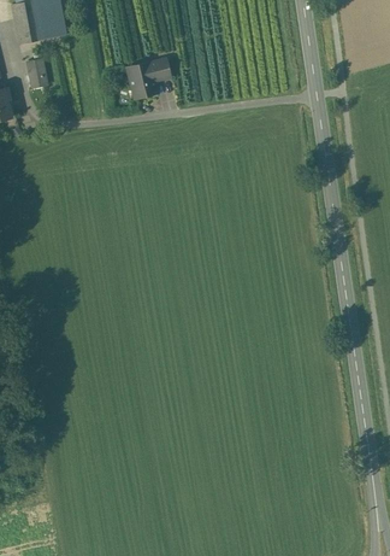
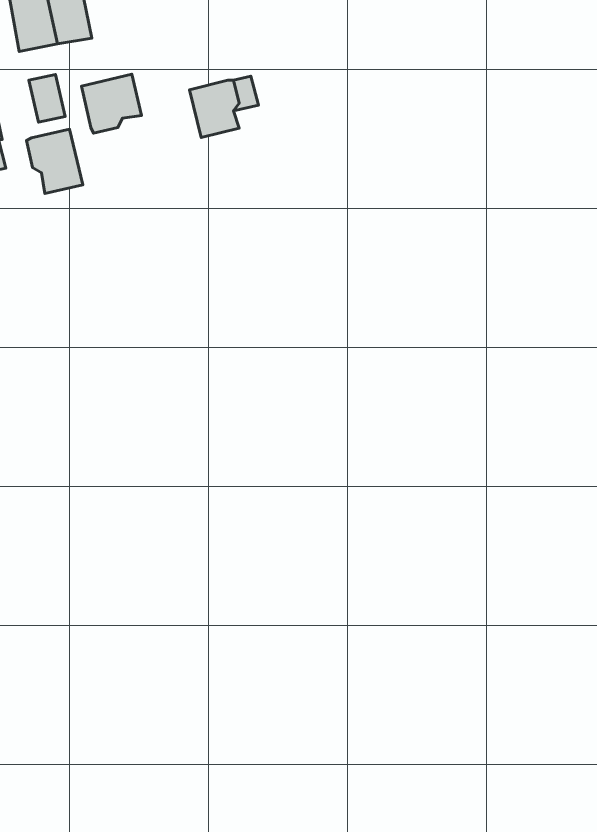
building: none -> [81,74,141,133]
building: none -> [27,129,83,193]

